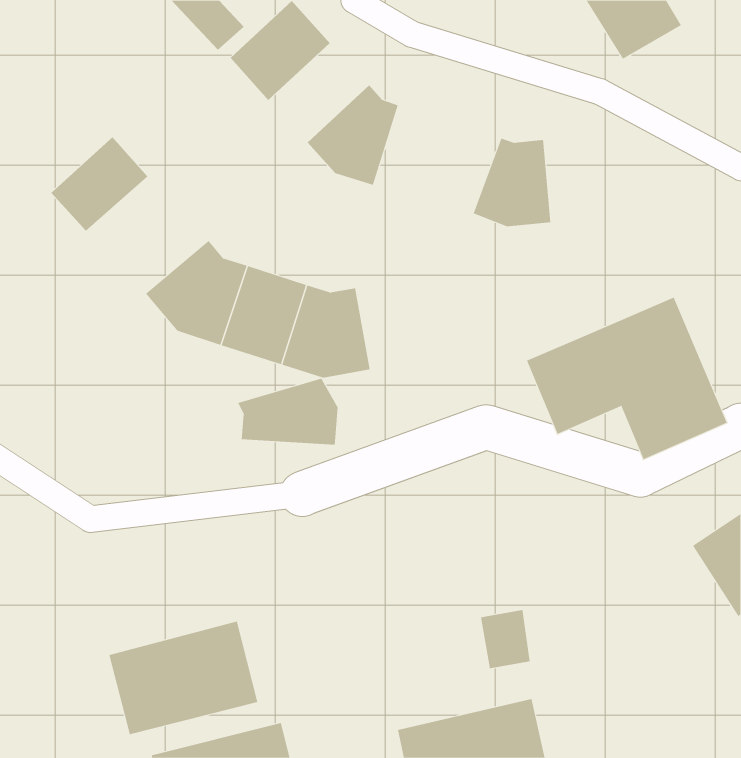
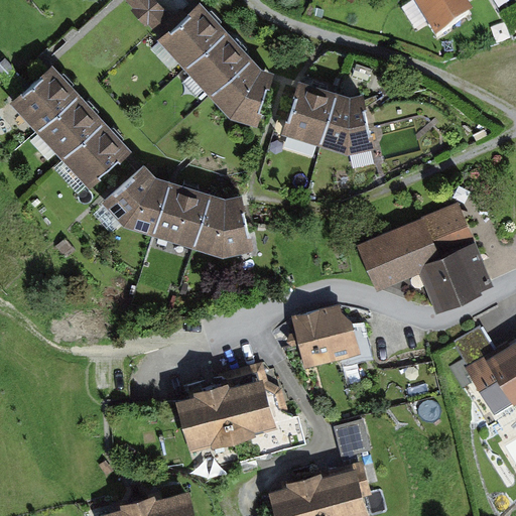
building: none -> [182,29,251,97]
building: none -> [8,63,77,131]
building: none -> [281,80,341,145]
building: none -> [58,120,127,187]
building: [238,378,338,445] -> none
building: none -> [285,302,359,373]
building: [109,621,258,735] -> [178,376,280,454]

